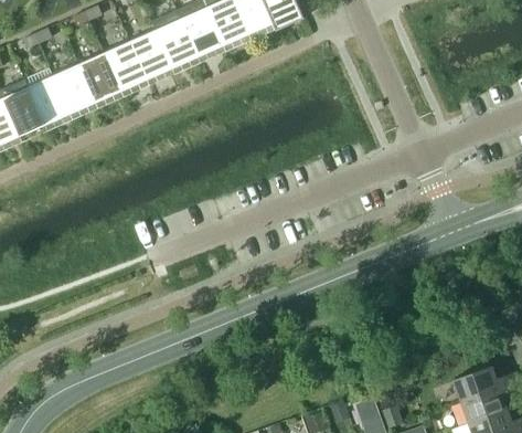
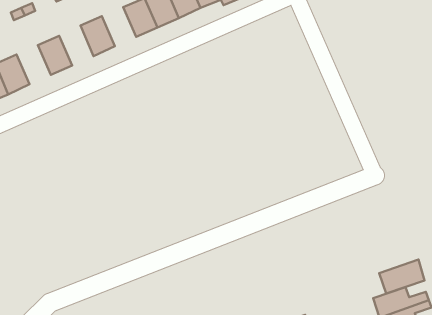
building: [129,33,170,80] -> none
building: [78,55,119,103] -> none
building: [28,78,68,125] -> none
building: none -> [379,259,425,294]

